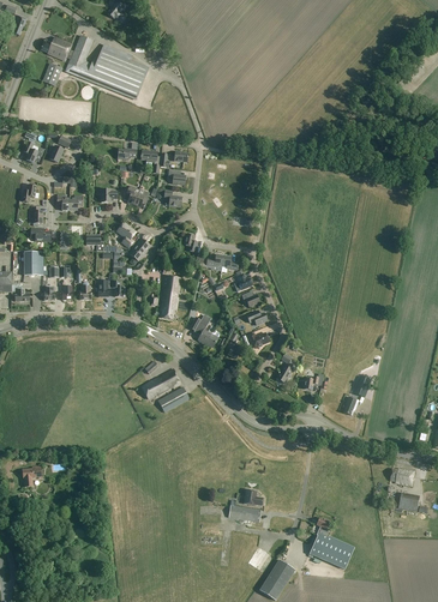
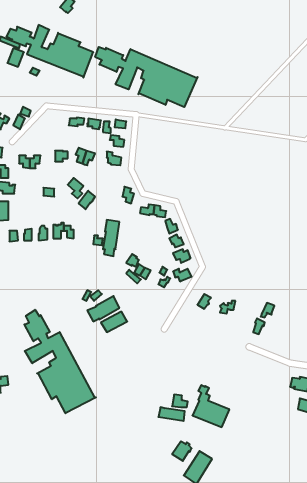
building: none -> [95,47,198,107]
building: none -> [24,310,96,413]
building: [310,516,355,567] -> [192,385,229,427]

